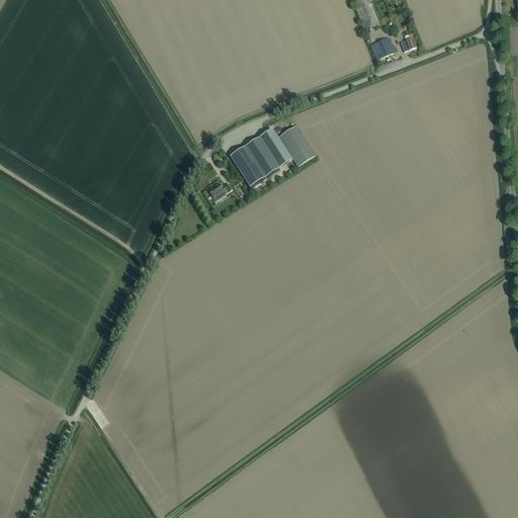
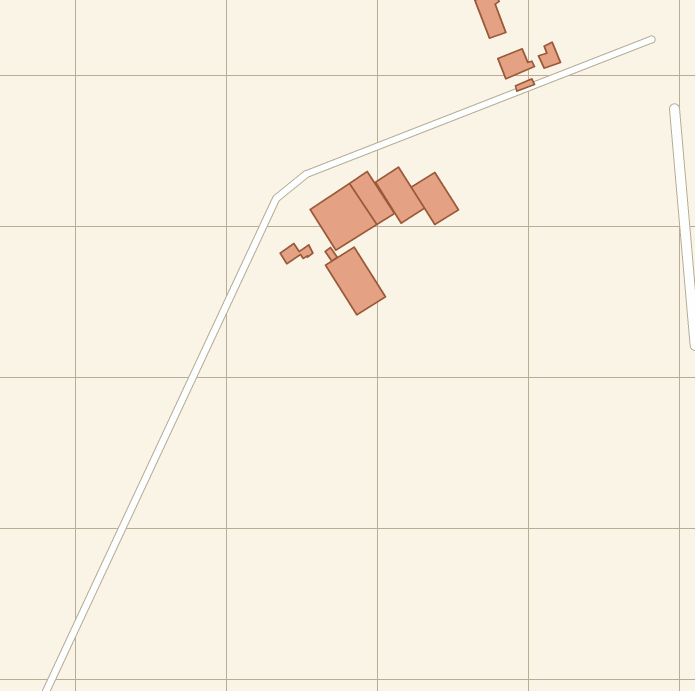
building: none -> [411,172,459,225]
building: none -> [325,247,386,315]

